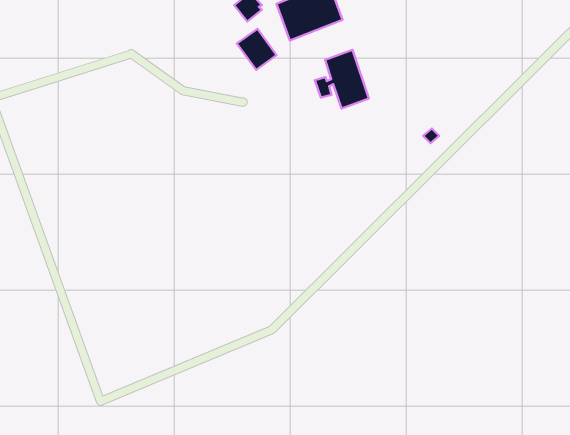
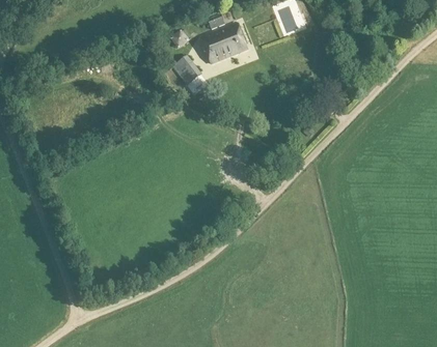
building: [315,50,369,108] -> none

